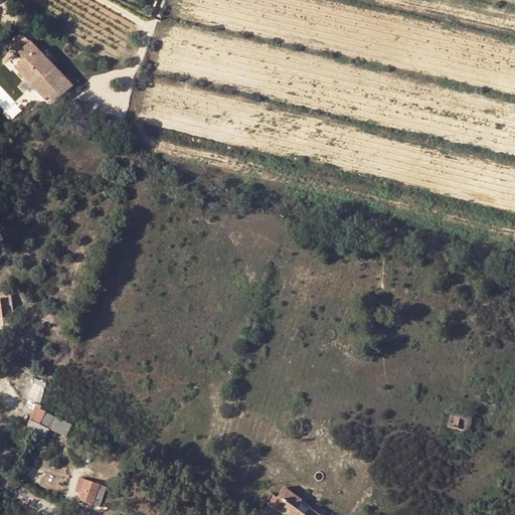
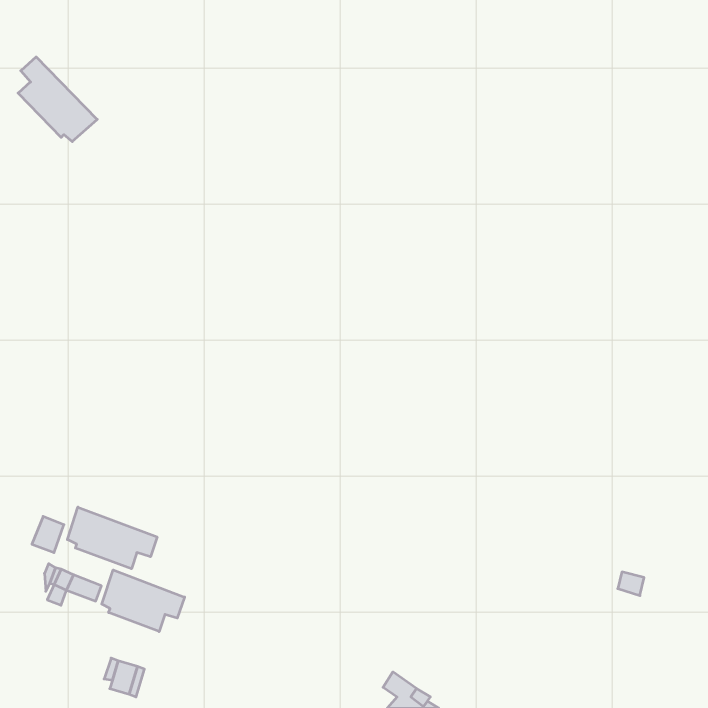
building: none -> [67,507,157,569]
building: none -> [102,570,185,632]

